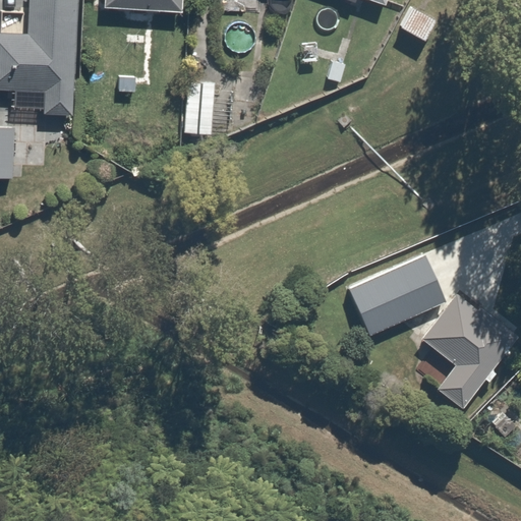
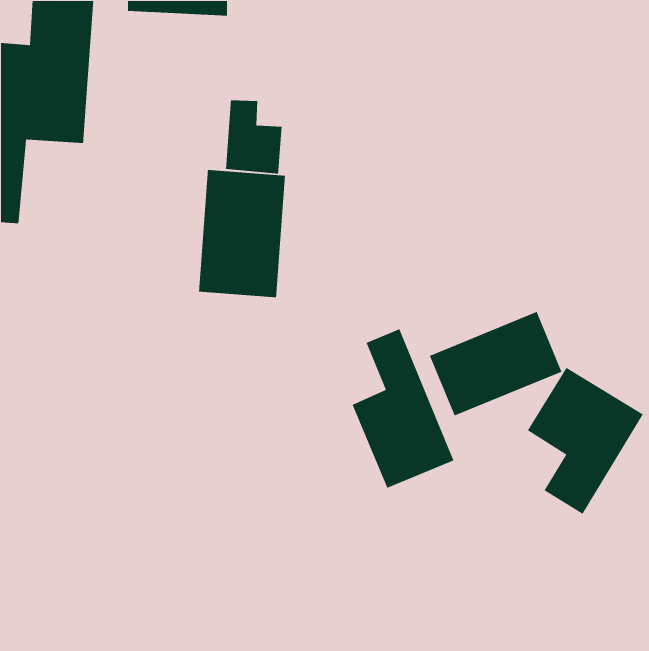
building: none -> [198,169,286,298]
building: none -> [352,328,454,489]

